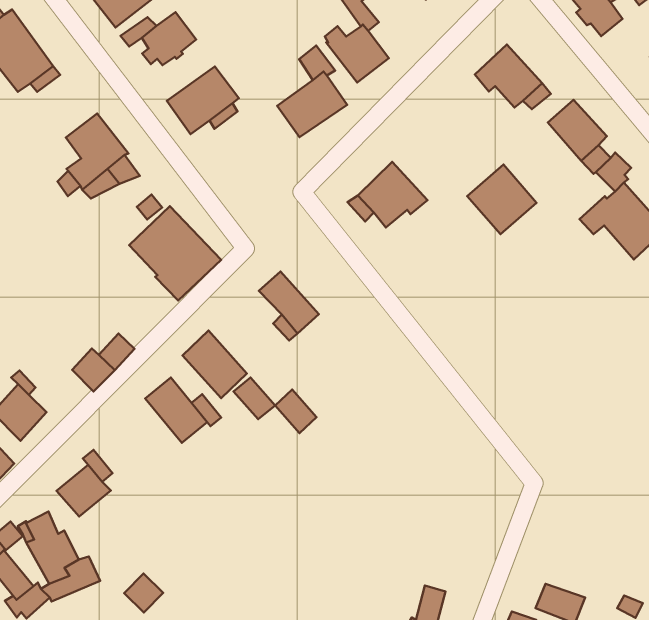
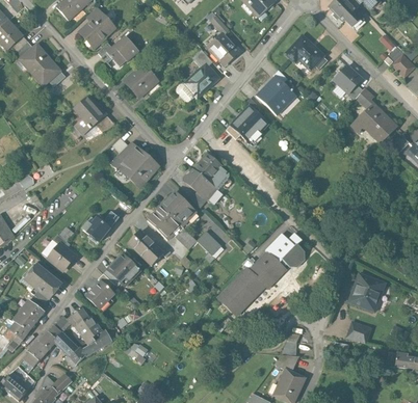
building: [467,165,537,234] -> [258,76,295,113]
building: none -> [193,155,229,189]
building: none -> [158,190,193,224]
building: none -> [216,231,306,316]
building: none -> [106,253,136,285]
building: none -> [347,270,386,312]

